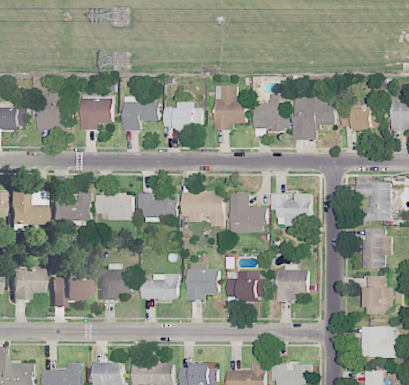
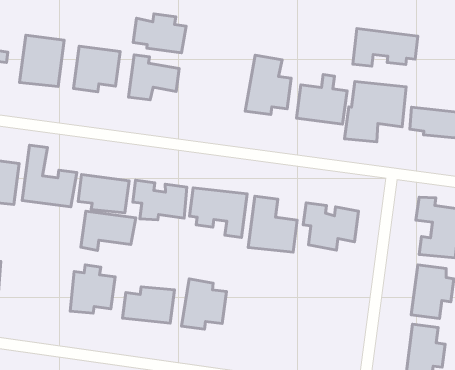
building: none -> [353,28,418,66]
building: [164,102,203,129] -> [133,14,186,53]
building: [276,264,308,301] -> none
building: [227,271,263,300] -> none
building: [51,278,90,307] -> [81,211,136,251]

